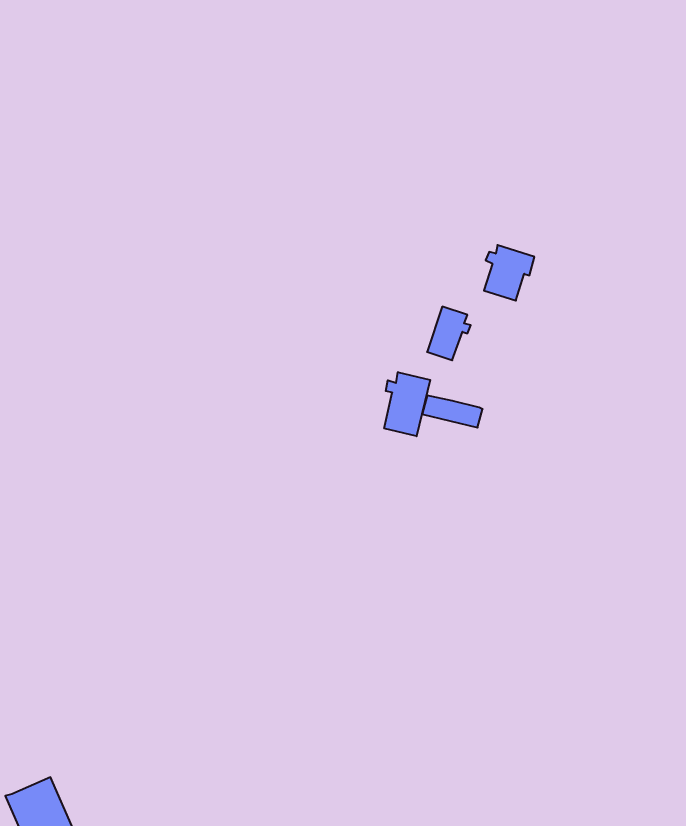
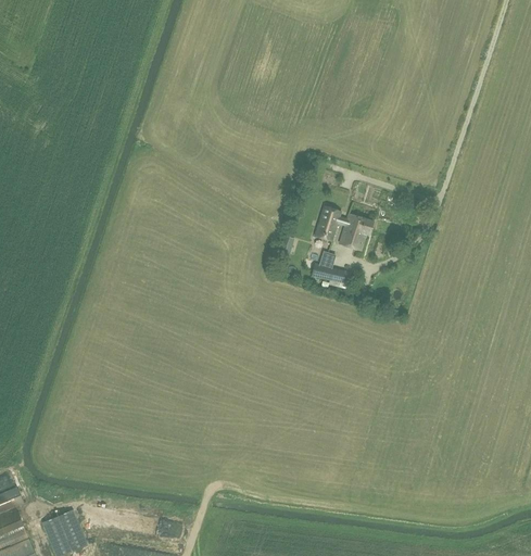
building: [484,245,534,301] -> [338,213,370,249]
building: [384,372,430,436] -> none

